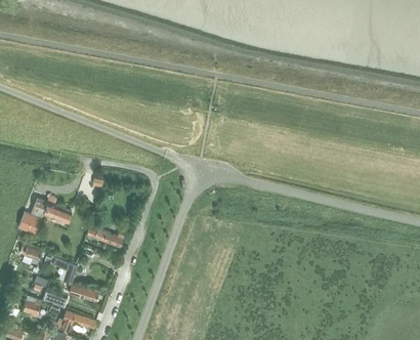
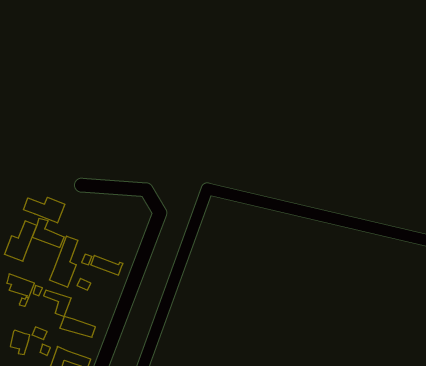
building: none -> [23,197,65,223]
building: none -> [50,236,78,287]

